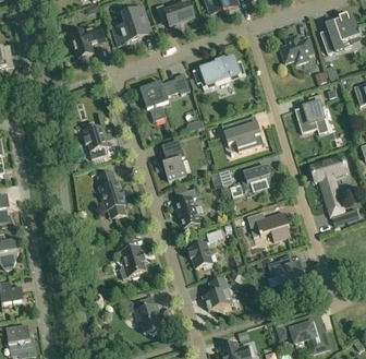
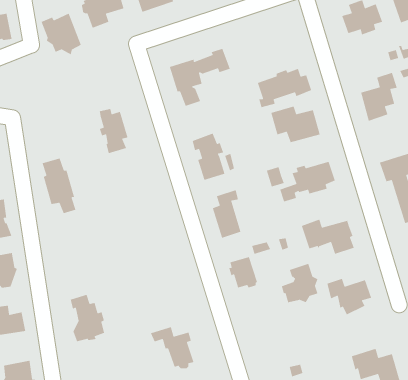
building: none -> [40,12,82,55]
building: [199,55,244,87] -> [257,68,312,108]
building: [97,170,125,216] -> [41,158,76,214]
building: [117,238,146,277] -> [70,294,106,342]
building: [202,276,232,309] -> [281,263,318,303]

